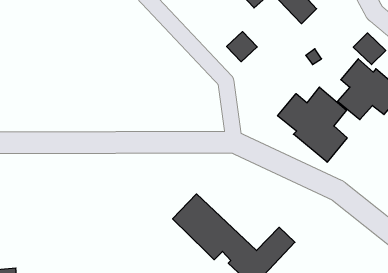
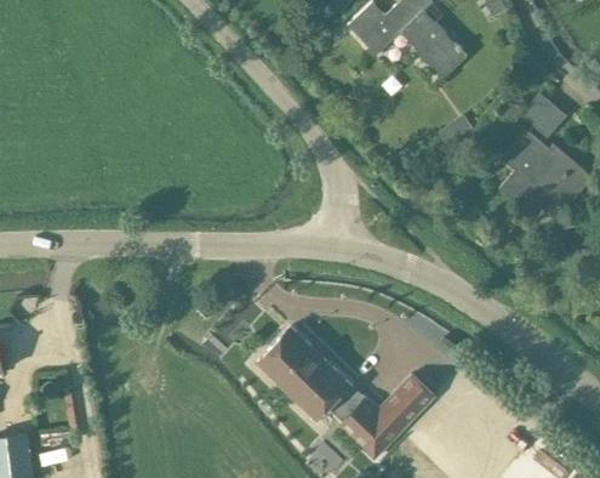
building: [227,32,257,62] -> none
building: [278,87,347,162] -> none

